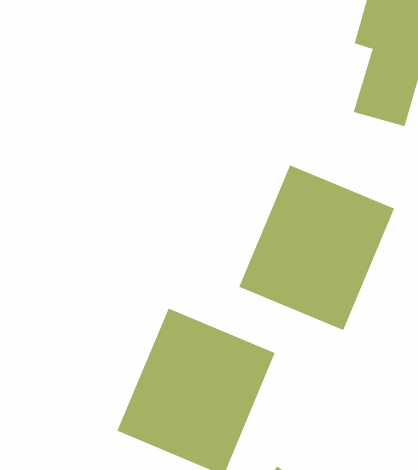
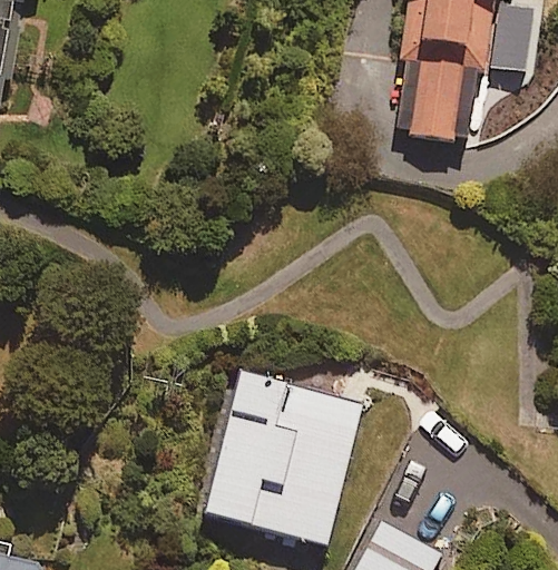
building: [238,164,395,331] -> none

